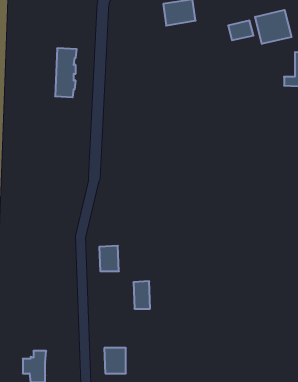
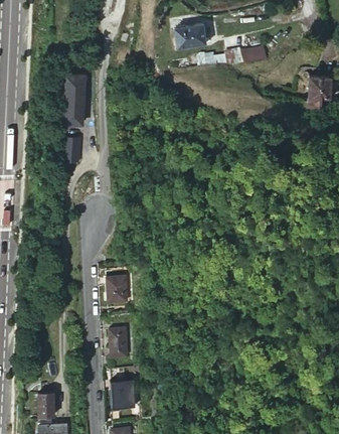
building: [255,10,292,44] -> none
building: none -> [64,136,80,161]
building: [133,281,150,309] -> [111,328,128,356]

